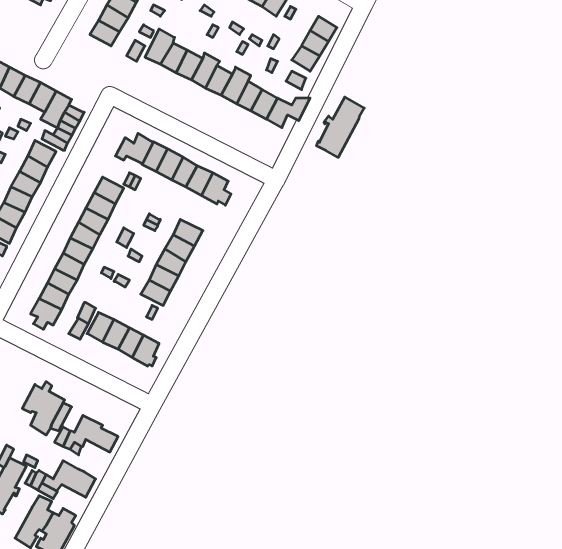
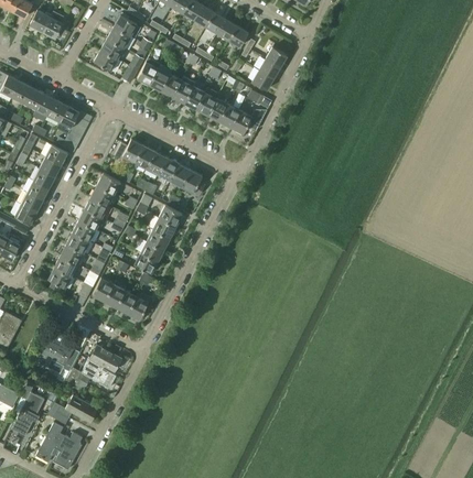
building: [317,97,364,157] -> none
building: none -> [88,345,121,371]

